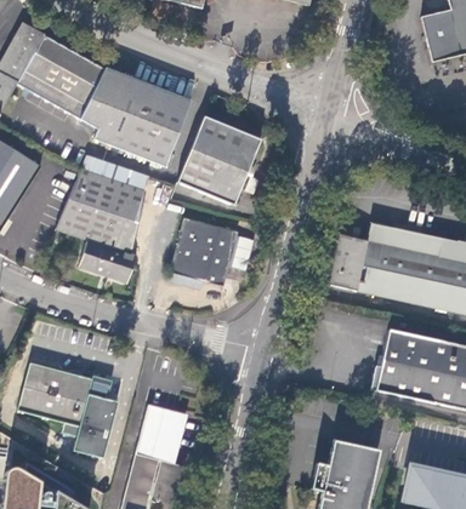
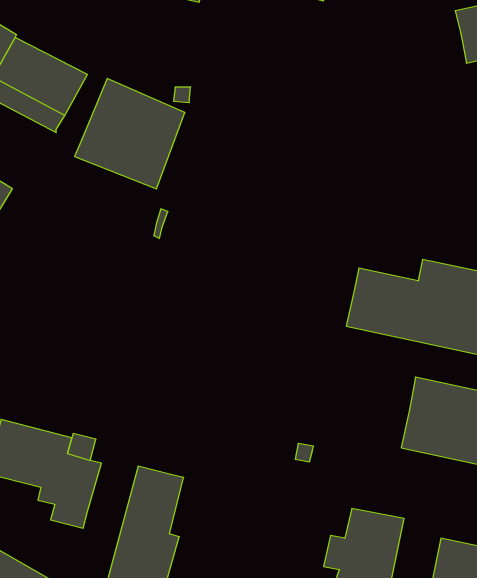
building: [79,64,123,124] -> none
building: [177,115,260,204] -> none
building: [56,155,148,282] -> none
building: [166,217,235,288] -> none

